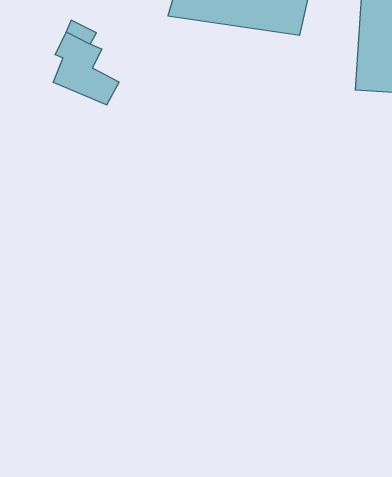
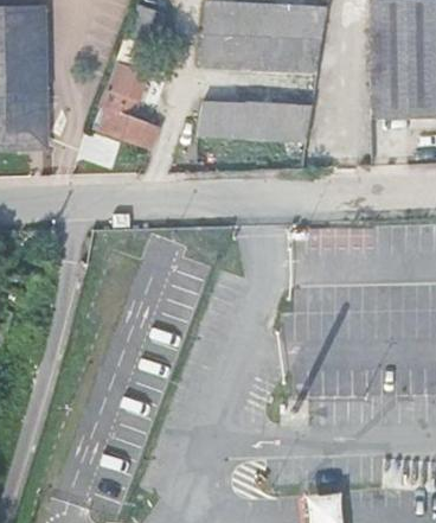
building: none -> [197,100,312,141]

